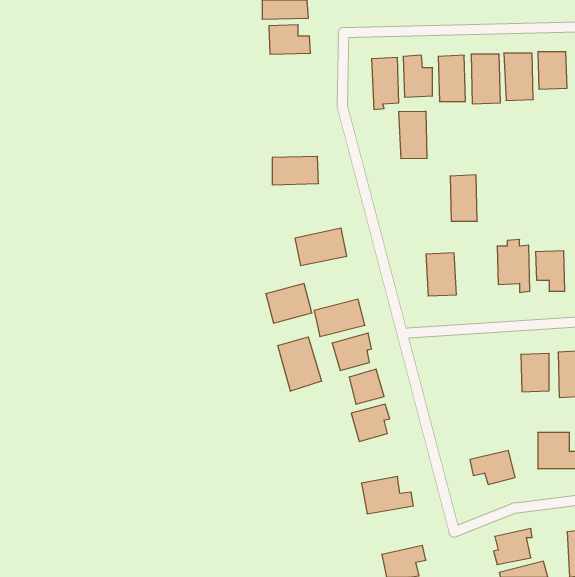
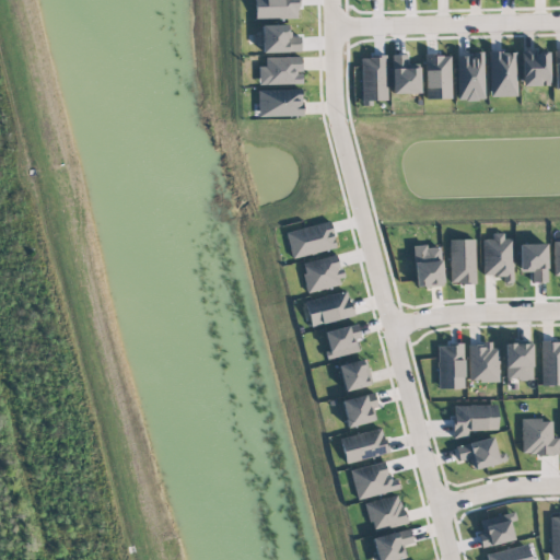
building: none -> [259,56,304,84]
building: [399,111,427,159] -> none
building: [272,156,319,185] -> [259,89,304,116]
building: [450,175,477,221] -> [451,238,477,283]
building: [266,284,312,323] -> [302,254,347,292]
building: [278,337,322,391] -> none
building: none -> [439,345,466,388]
building: none -> [470,345,501,382]
building: none -> [455,404,499,438]
building: none -> [341,427,390,464]
building: none -> [366,494,408,530]

